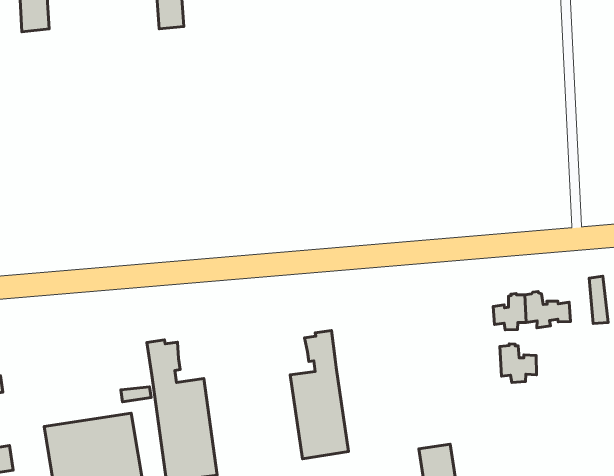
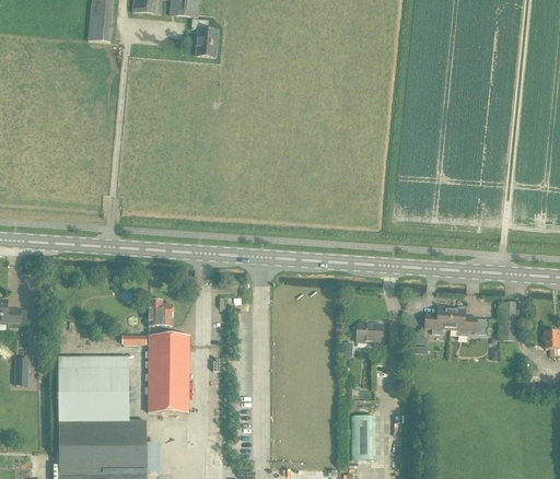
building: none -> [357,322,381,341]
building: [290,331,349,459] -> none
building: [500,344,537,382] -> none

